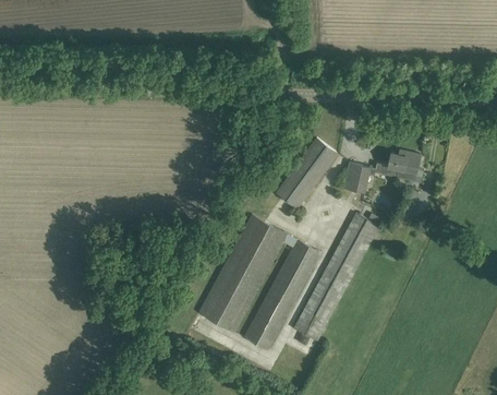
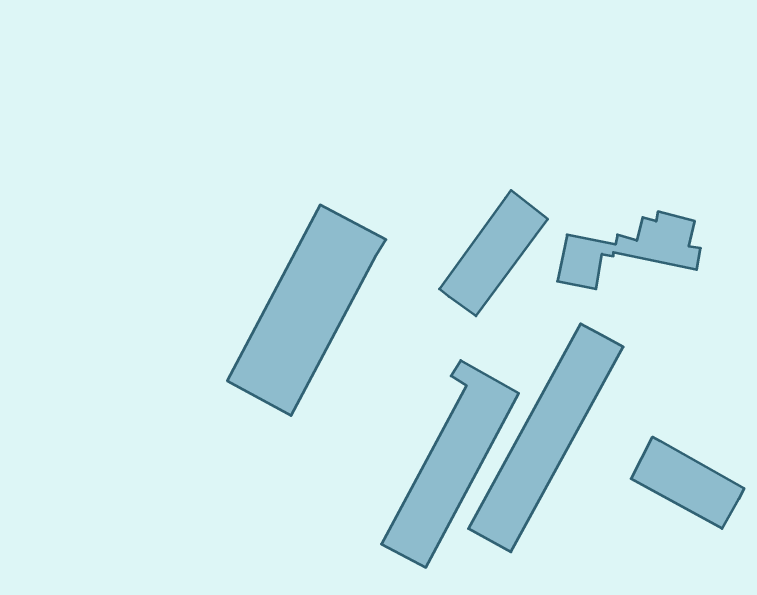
building: [199,214,289,333] -> [227,205,386,416]
building: none -> [631,437,744,529]

